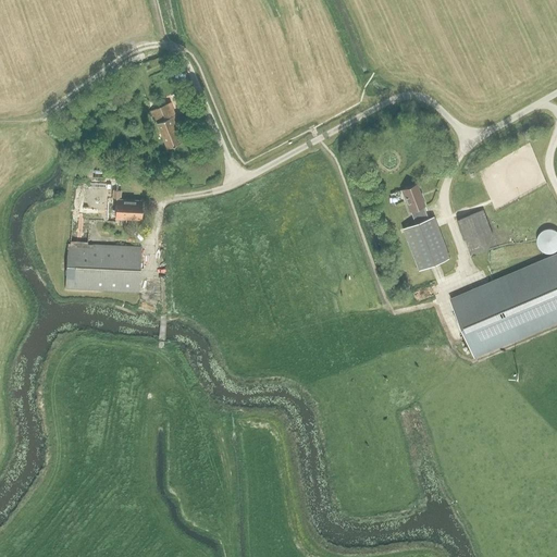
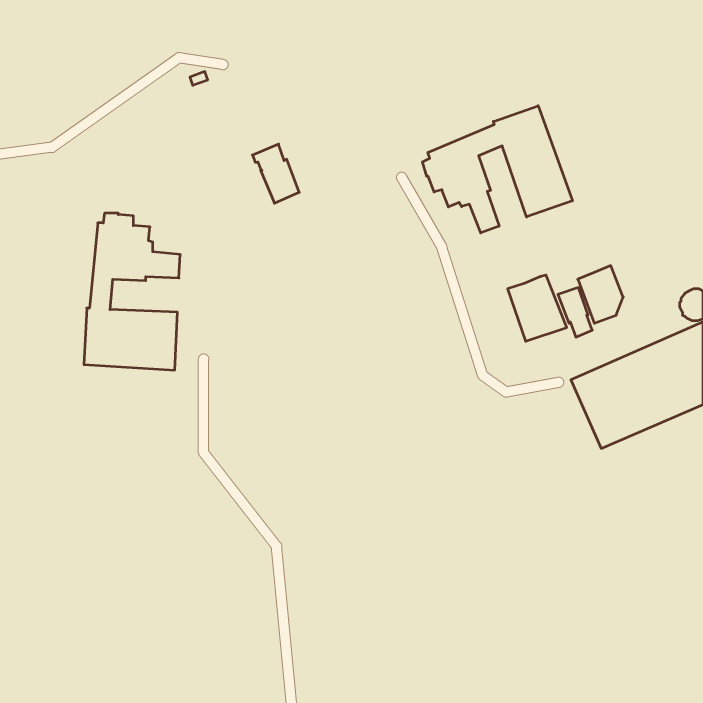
building: none -> [422,106,572,233]
building: [150,102,187,149] -> [252,144,299,203]
building: [400,185,428,224] -> [558,288,592,337]

